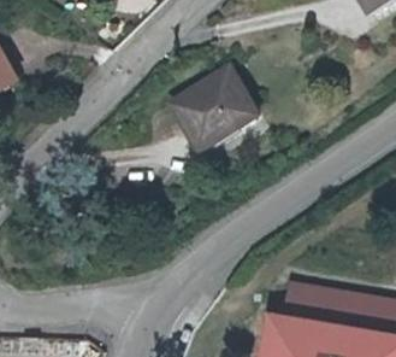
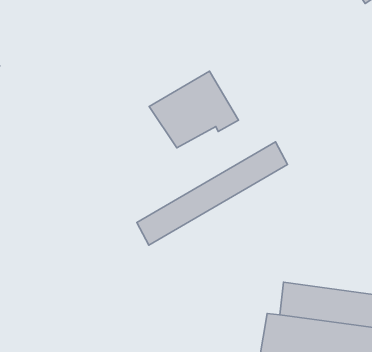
building: none -> [137,142,288,245]

